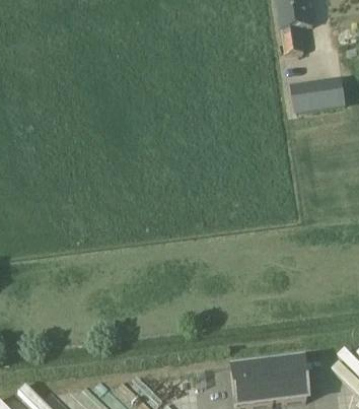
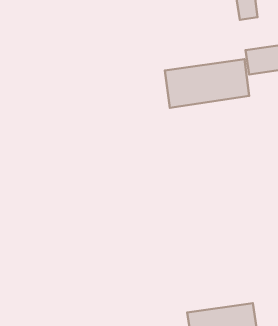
building: none -> [165,59,249,108]

